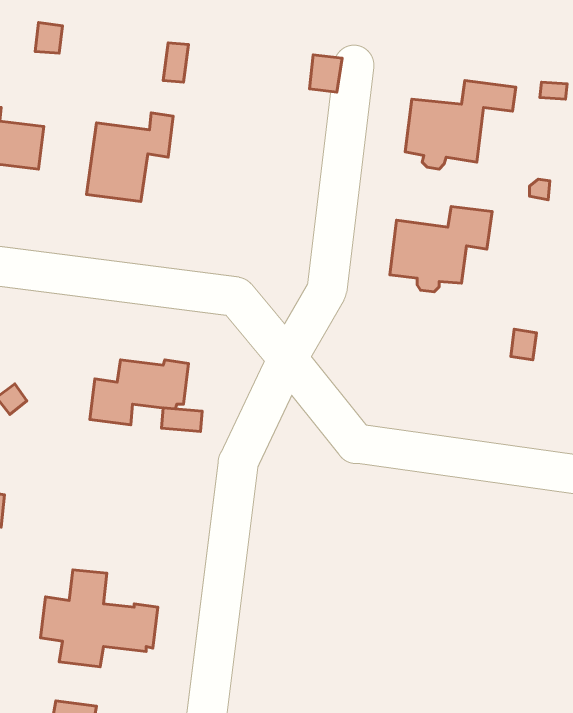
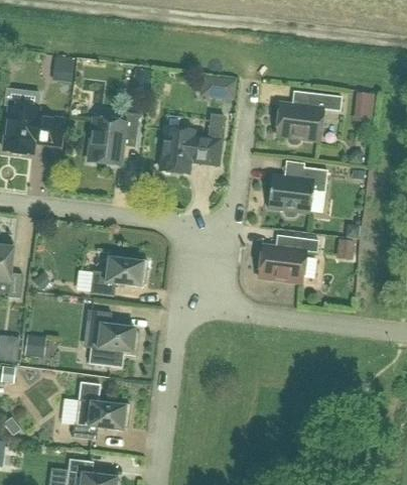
building: none -> [160,113,224,172]
building: none -> [258,236,318,282]
building: none -> [86,309,139,367]

